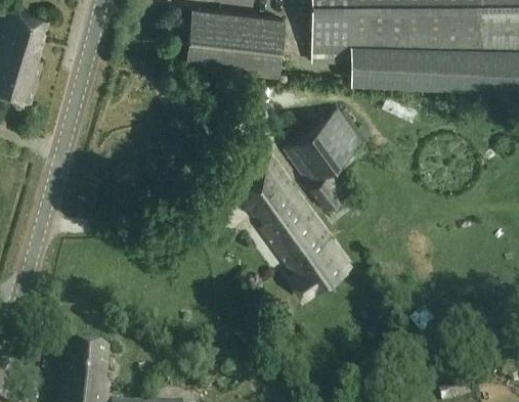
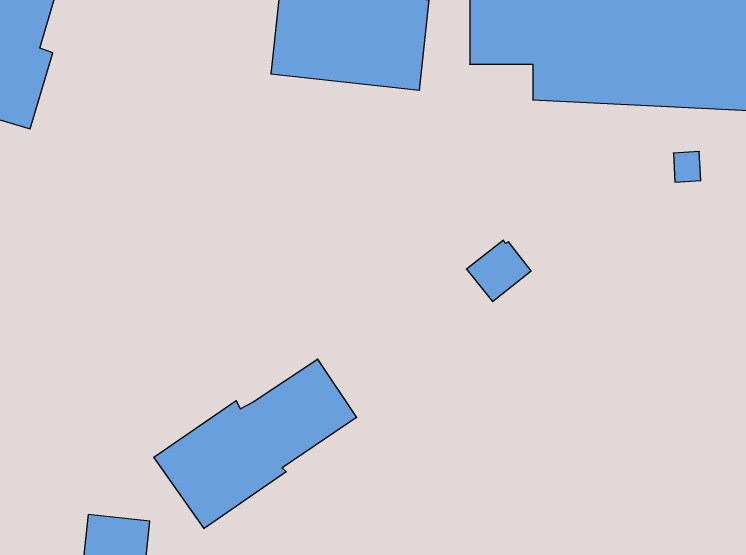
building: [279,110,364,189] -> none
building: [233,160,352,301] -> none
building: none -> [154,359,357,529]

